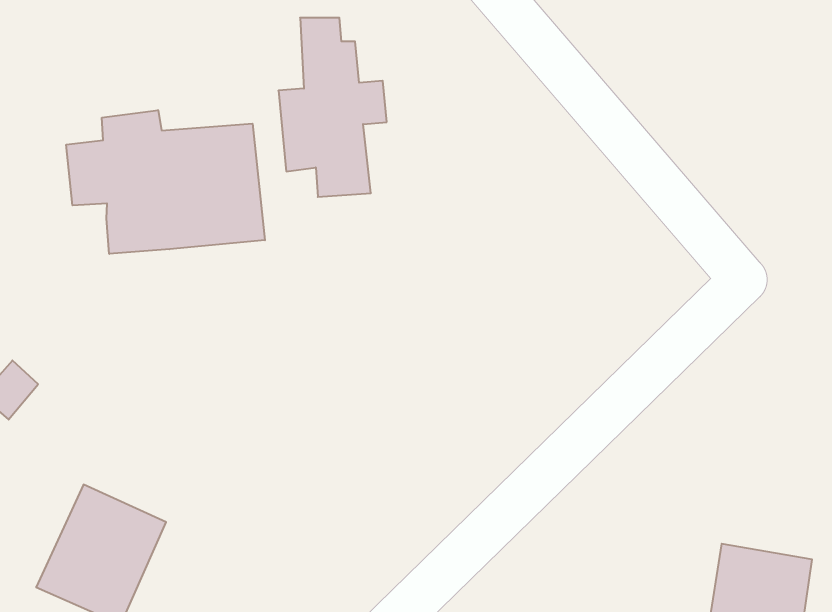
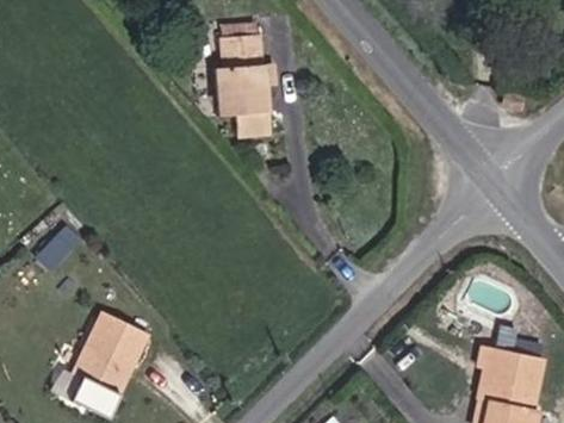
building: [66,110,265,254] -> none

